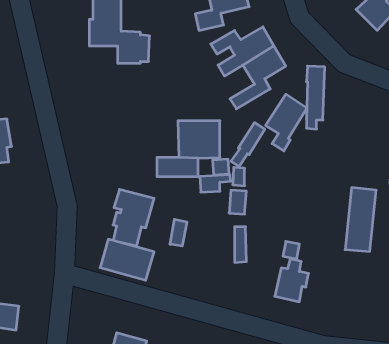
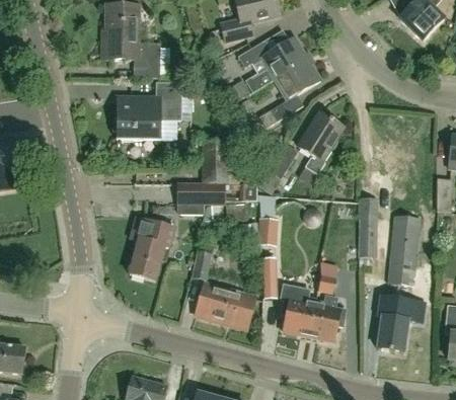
building: [306,66,325,129] -> [358,197,378,267]
building: none -> [115,82,180,139]
building: [100,239,154,280] -> [195,283,254,328]
building: none -> [280,284,316,335]
building: none -> [377,295,424,351]

